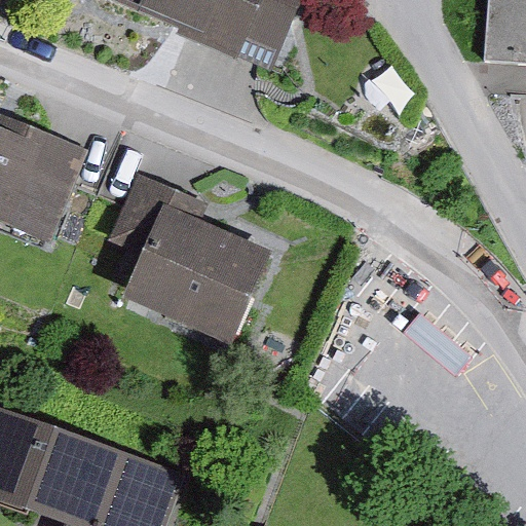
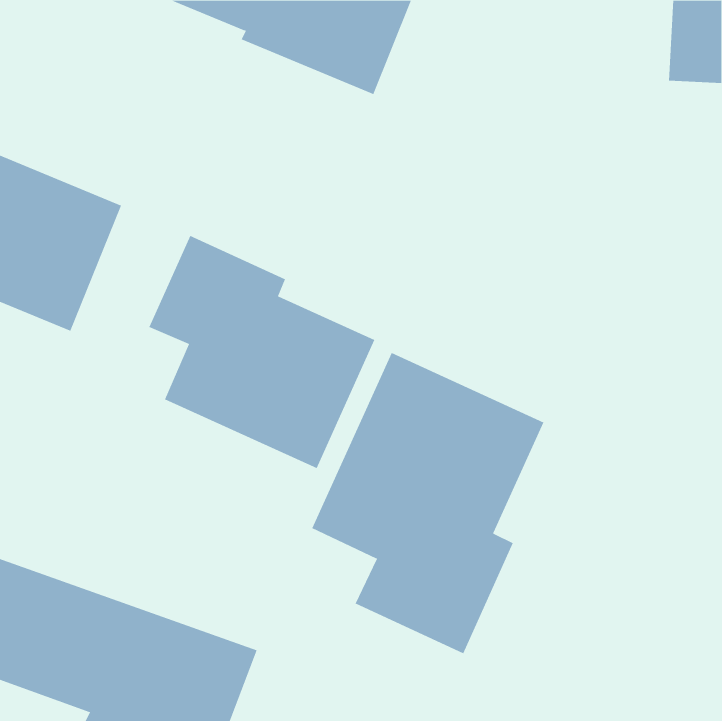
building: none -> [312,352,544,654]

